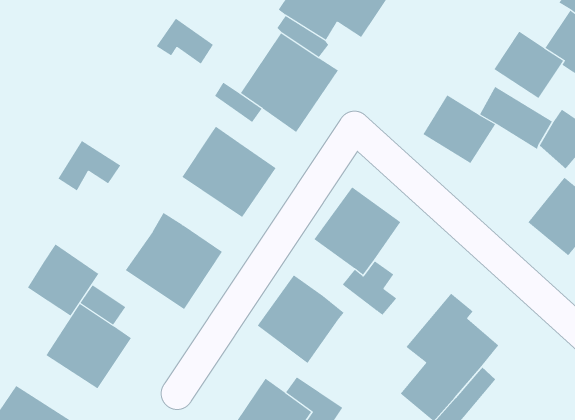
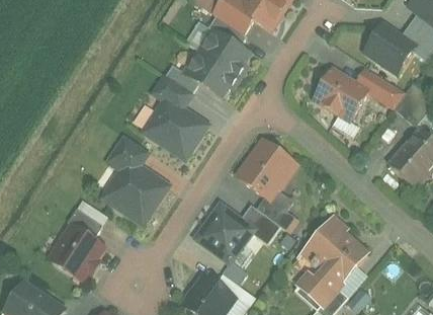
building: [156,18,214,65] -> [150,73,191,106]
building: [57,140,121,191] -> [105,134,151,170]
building: [27,243,99,317] -> none
building: none -> [242,204,280,244]

